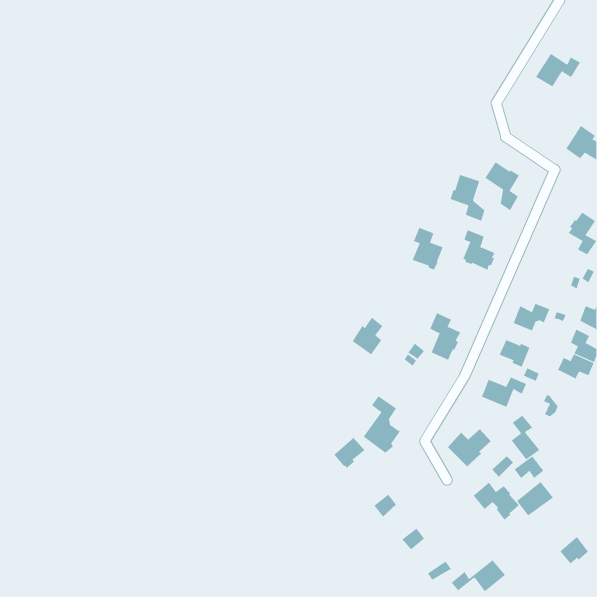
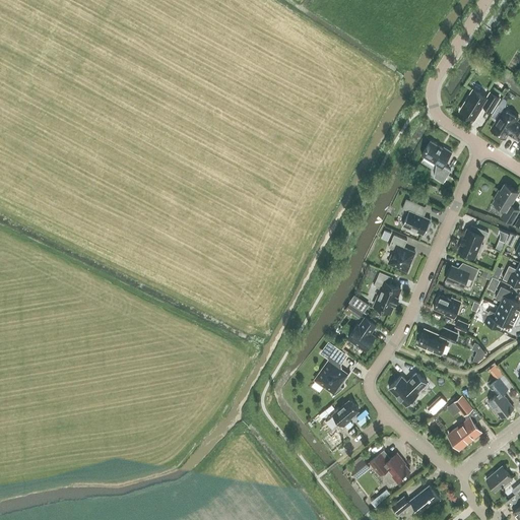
building: [535,53,581,87] -> [459,90,499,120]
building: [450,174,485,221] -> none
building: [412,227,444,271] -> [387,236,414,273]
building: none -> [457,228,488,259]
building: [352,317,383,355] -> [347,318,375,351]
building: [511,415,540,460] -> [488,379,513,418]
building: [334,437,365,469] -> [331,400,359,428]
building: [473,482,520,521] -> [369,451,409,484]

